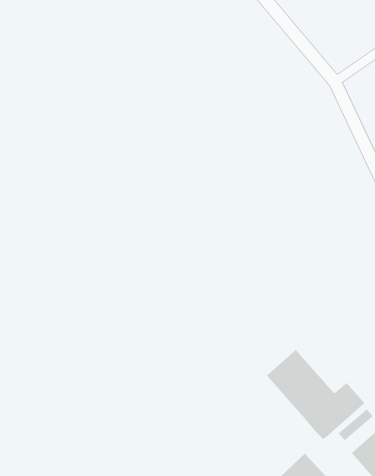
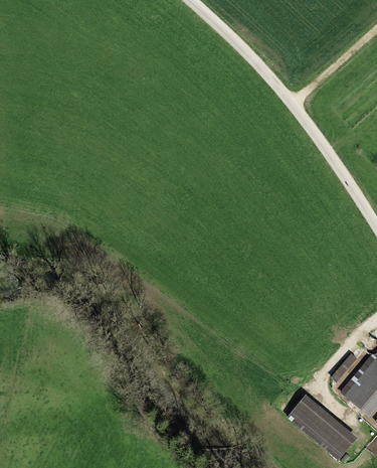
building: [266,349,365,440] -> none

